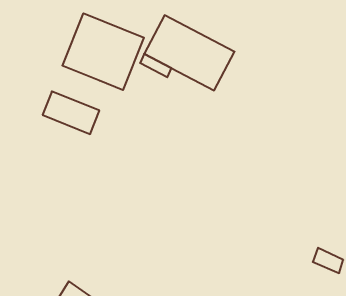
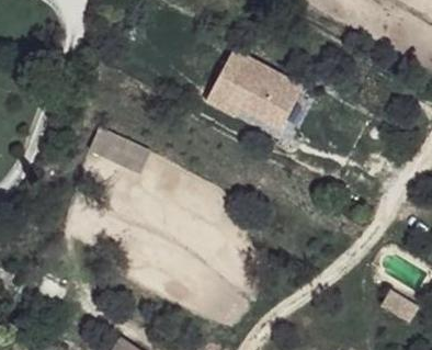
building: [62,13,144,90] -> none

